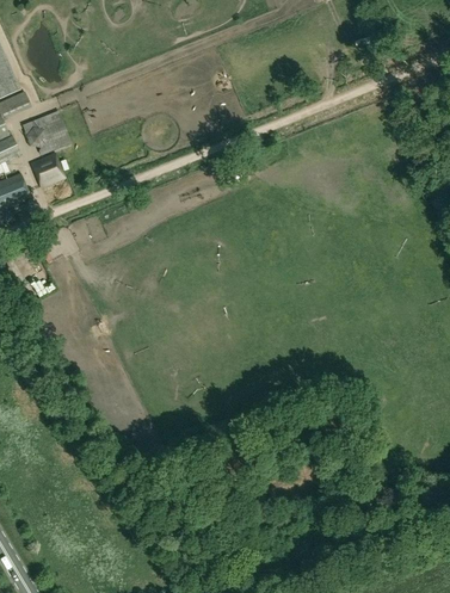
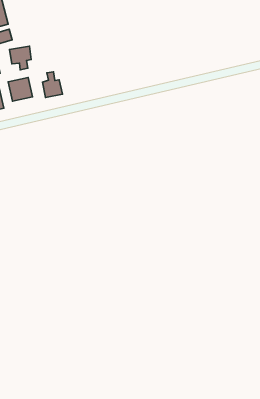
building: none -> [42,72,63,98]

